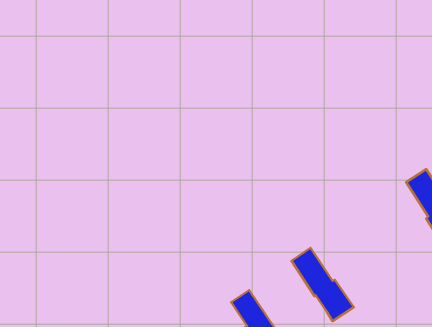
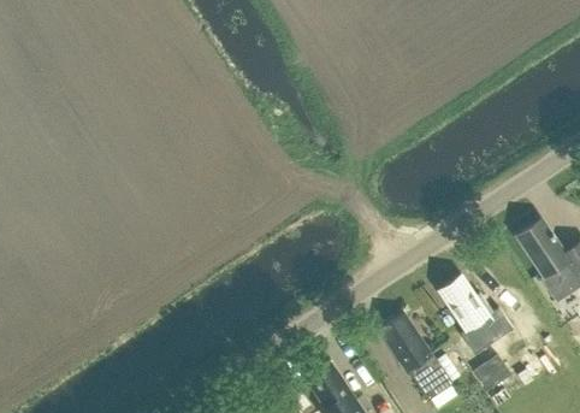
building: none -> [442,278,491,350]
building: none -> [475,354,513,390]

